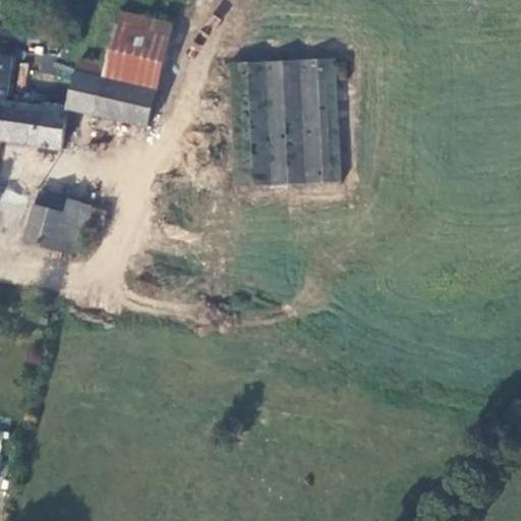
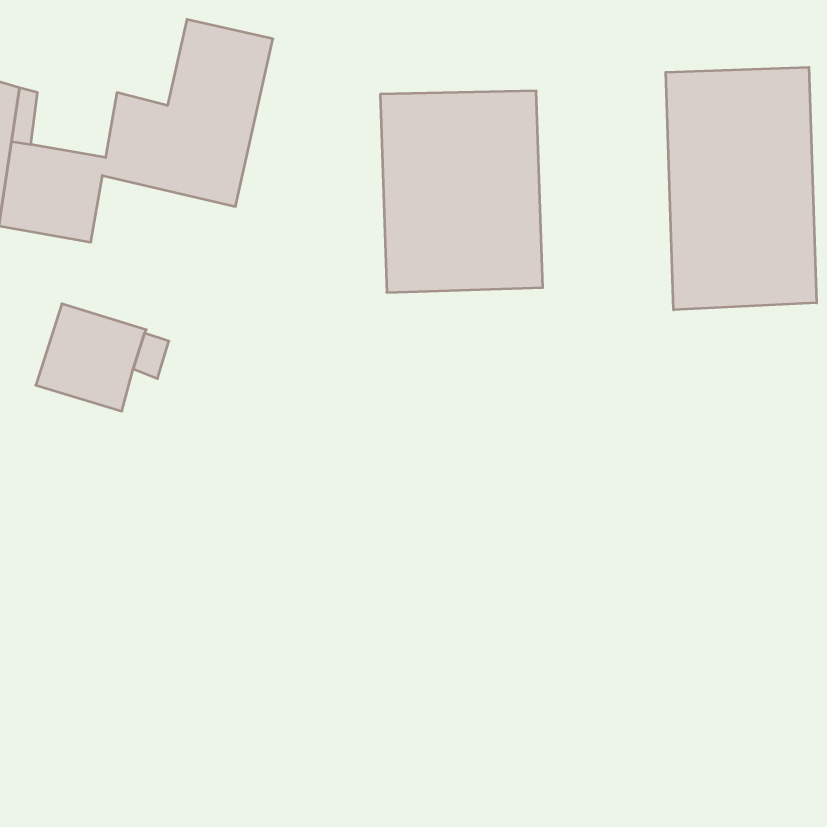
building: none -> [666,67,817,310]

